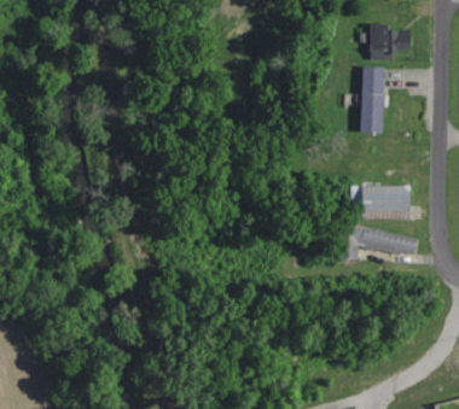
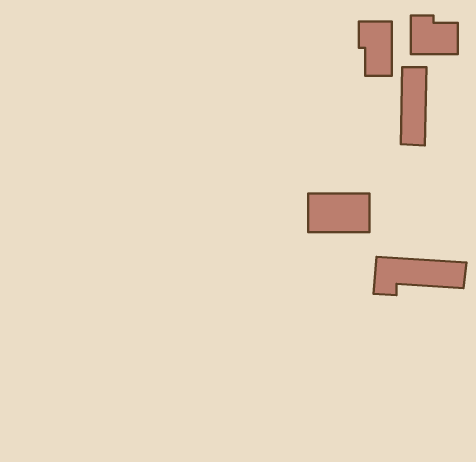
building: none -> [359,22,392,76]
building: [359,187,411,220] -> [308,194,369,232]

